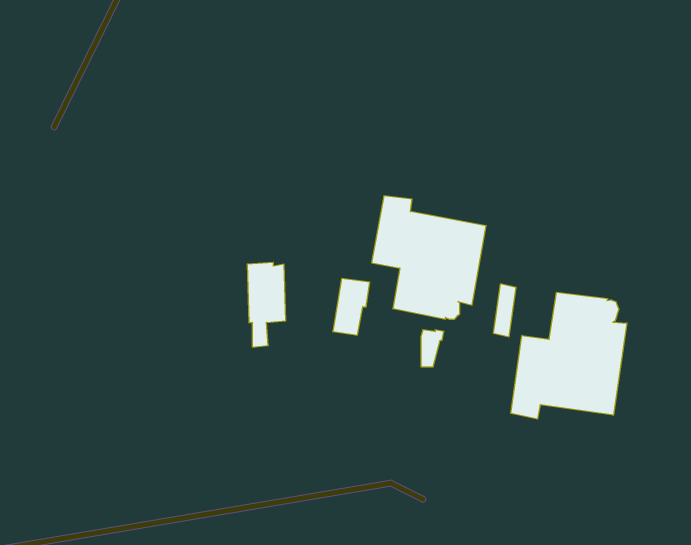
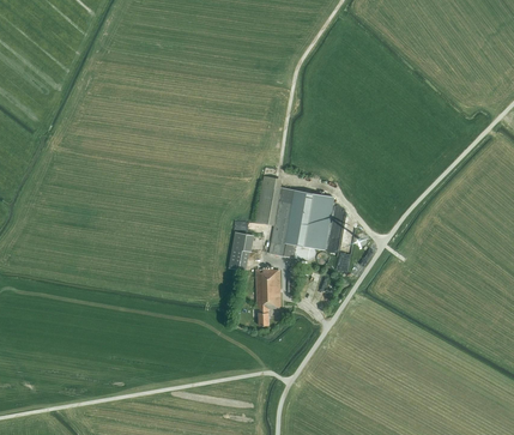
building: [247,262,286,347] -> [255,268,282,326]
building: [511,292,627,419] -> none

